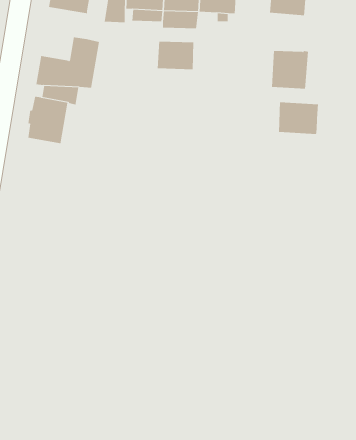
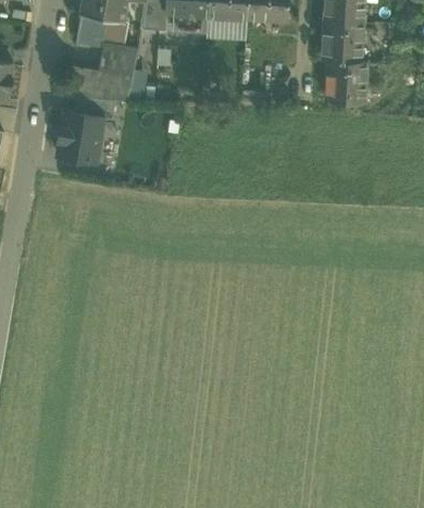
building: none -> [76,11,129,46]
building: none -> [322,17,363,60]
building: [157,41,194,70] -> none
building: [279,101,318,135] -> none

